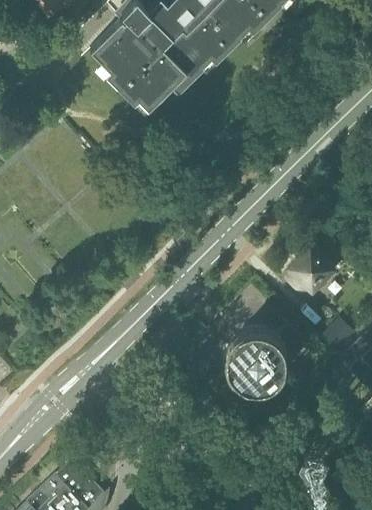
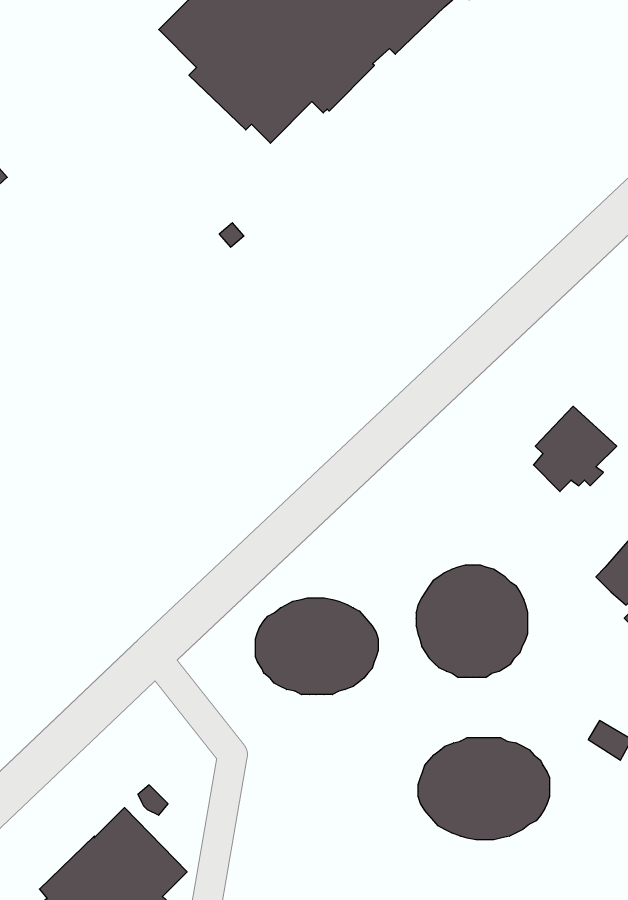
building: none -> [255,598,378,695]
building: none -> [418,738,549,840]

